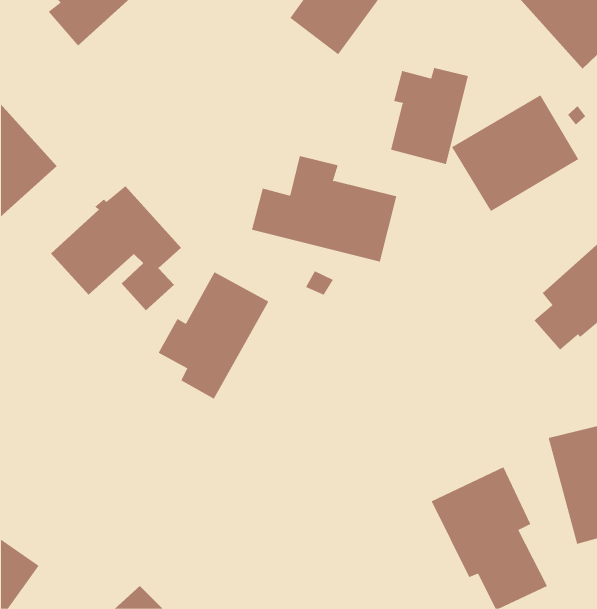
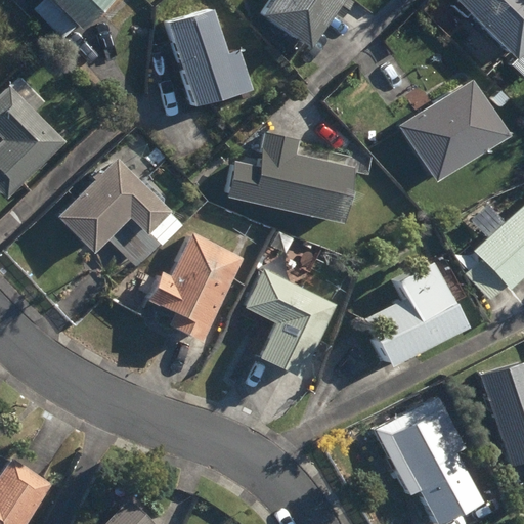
building: none -> [181,7,261,102]
building: [390,67,468,165] -> none
building: none -> [363,263,466,367]
building: none -> [247,268,334,379]

